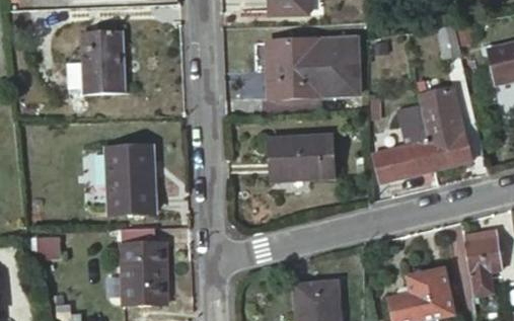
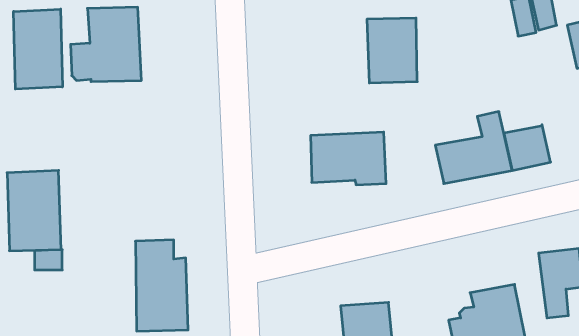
building: none -> [14,9,62,89]
building: [269,42,320,97] -> none
building: [425,87,465,138] -> none
building: [107,145,153,213] -> [7,170,61,251]

